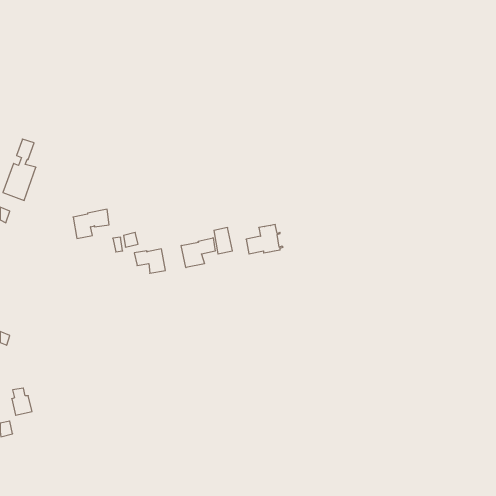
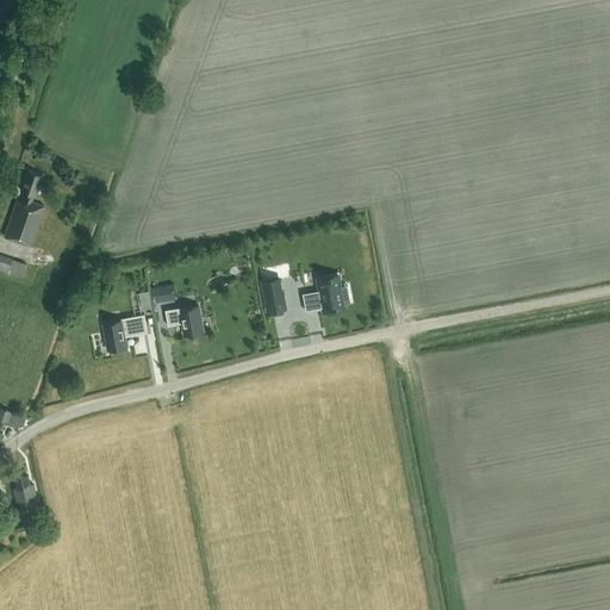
building: [73,209,109,238] -> [104,315,148,350]
building: [181,238,215,268] -> none

